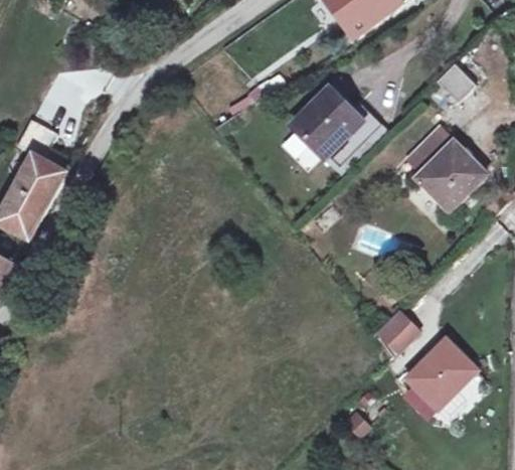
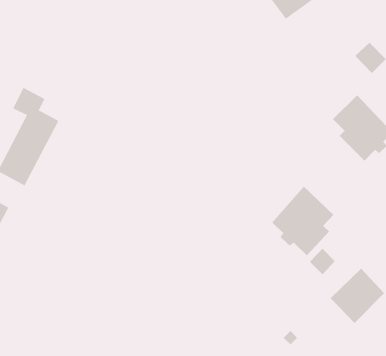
building: [290,89,381,175] -> none
building: none -> [271,186,334,256]

